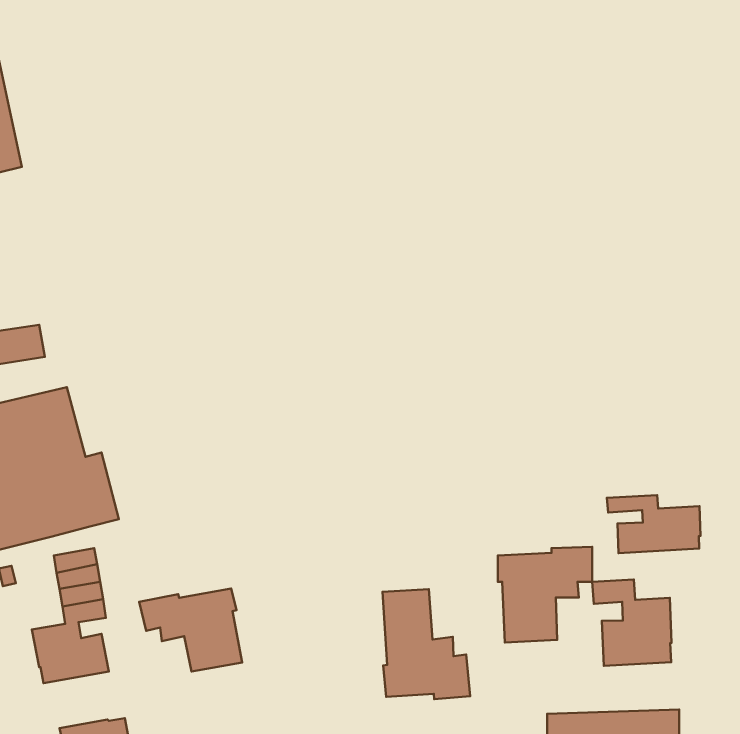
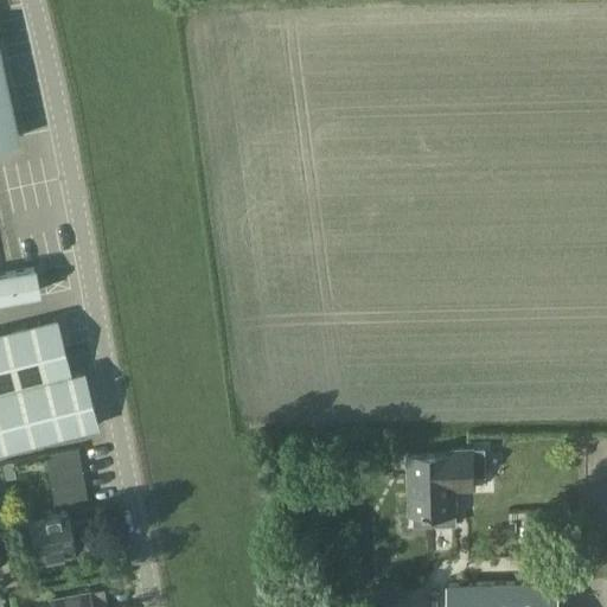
building: [607,495,700,553] -> none
building: [592,579,672,666] -> none
building: [139,588,242,671] -> none
building: [383,589,470,699] -> none

